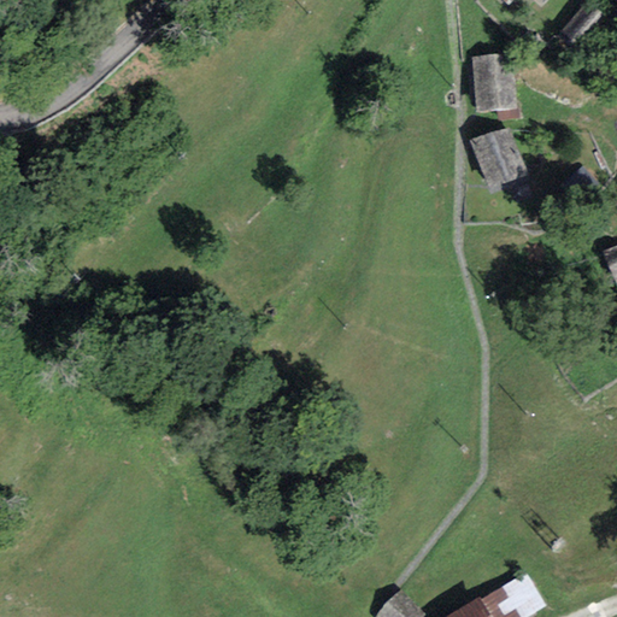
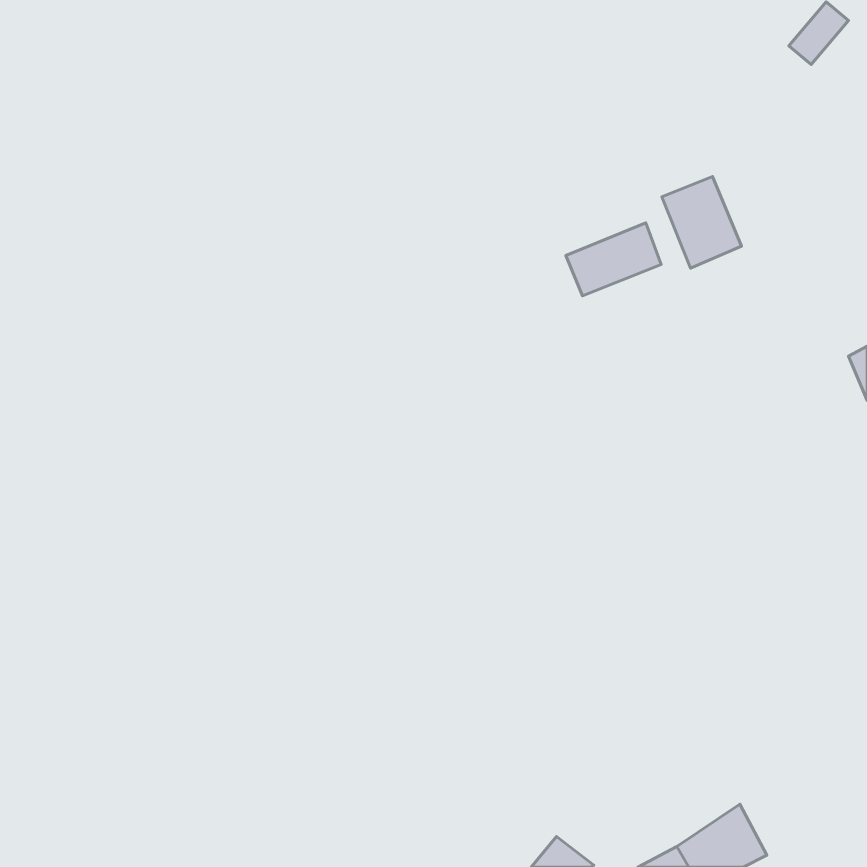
building: [474,57,516,111] -> none
building: none -> [566,223,661,296]

